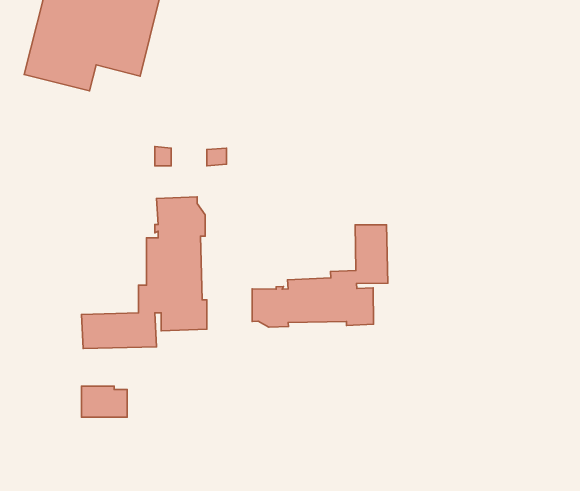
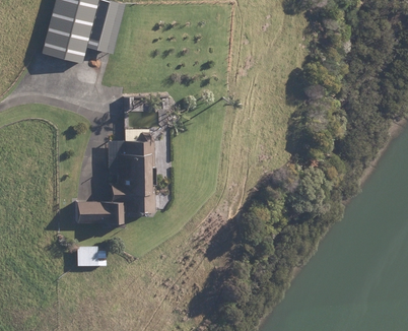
building: [252,225,388,327] -> none

